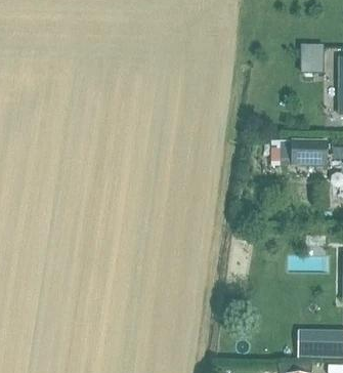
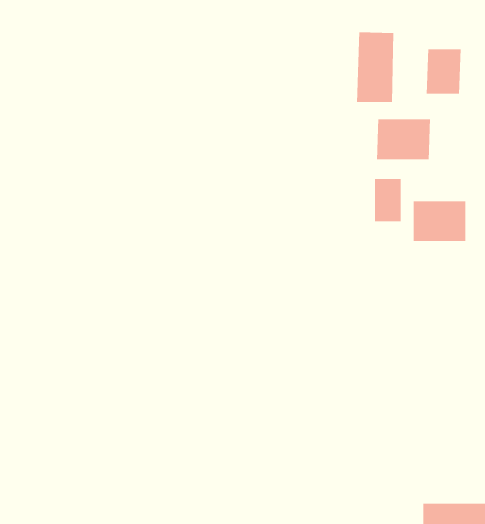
building: none -> [356,31,394,103]
building: none -> [376,118,430,160]

